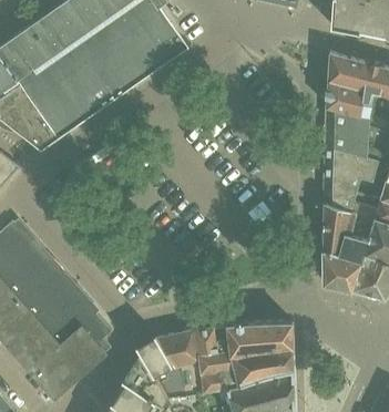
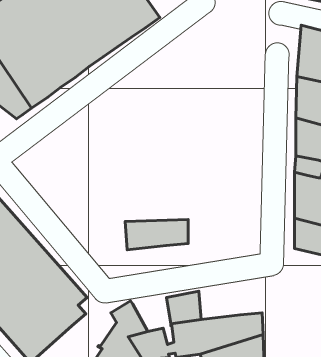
building: [226,323,290,354] -> [125,219,188,250]
building: [158,332,197,367] -> none

